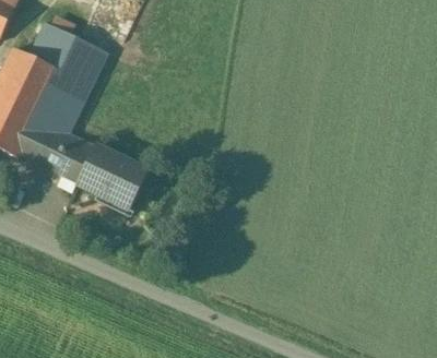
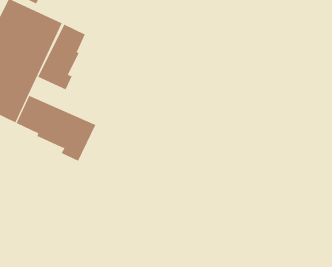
building: none -> [37,24,86,90]

